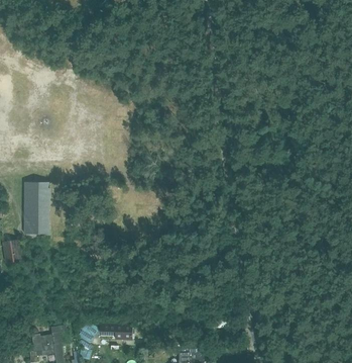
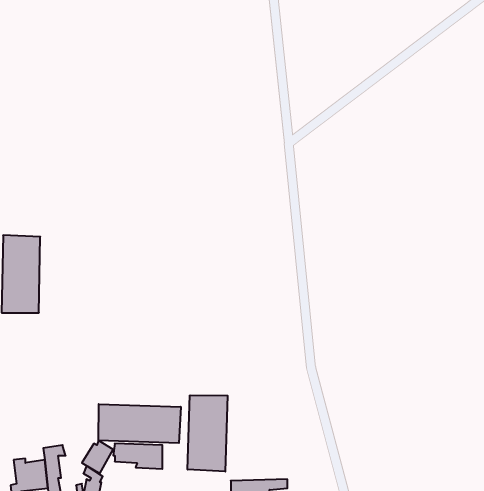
building: none -> [188,395,228,472]
building: none -> [98,404,181,443]

